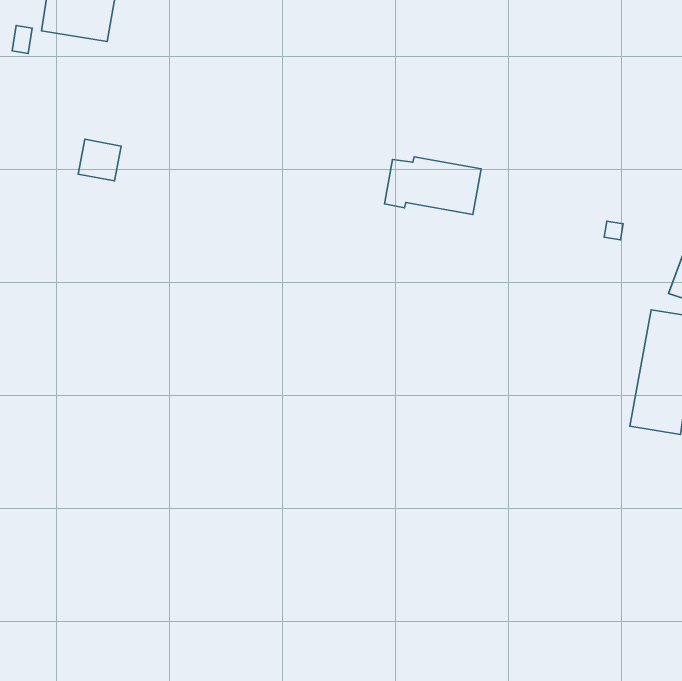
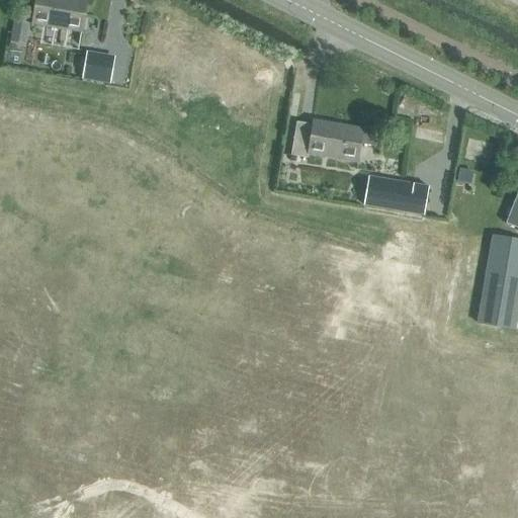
building: [78,139,121,181] -> [84,51,116,82]
building: none -> [365,175,430,213]

